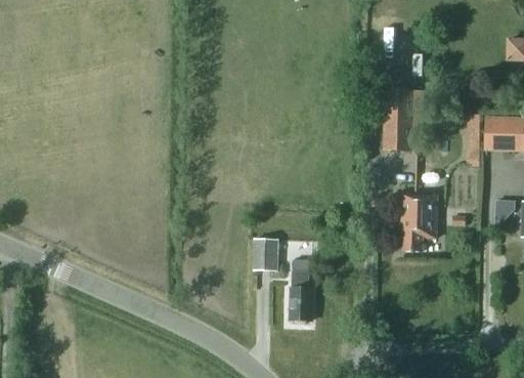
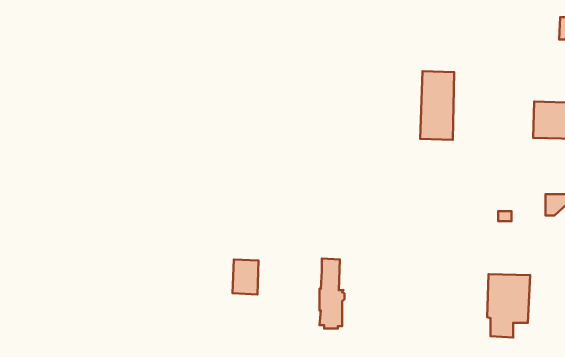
building: [399,194,438,251] -> [487,274,530,337]
building: [255,239,278,270] -> [233,259,259,294]

